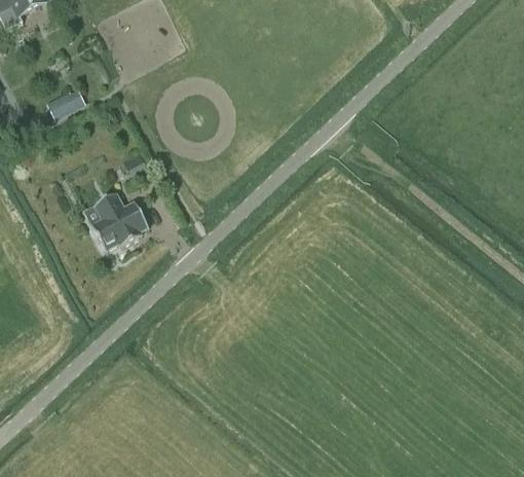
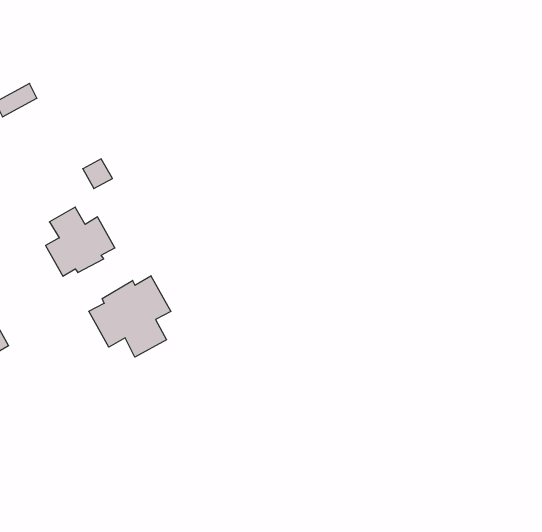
building: none -> [89,276,171,357]

